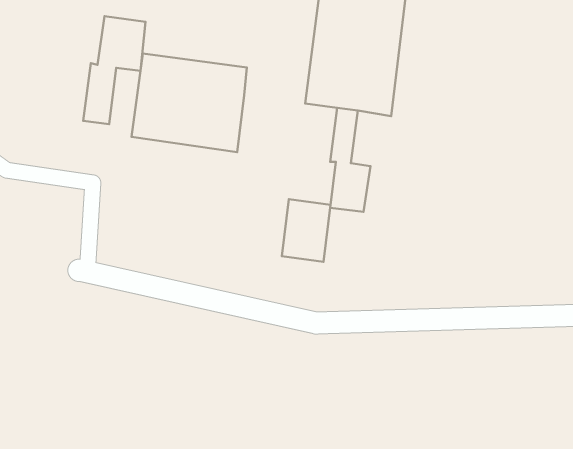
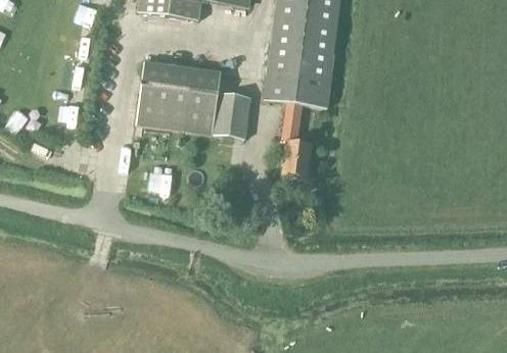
building: [83,16,146,124] -> none
building: [282,199,330,262] -> [214,92,249,138]

